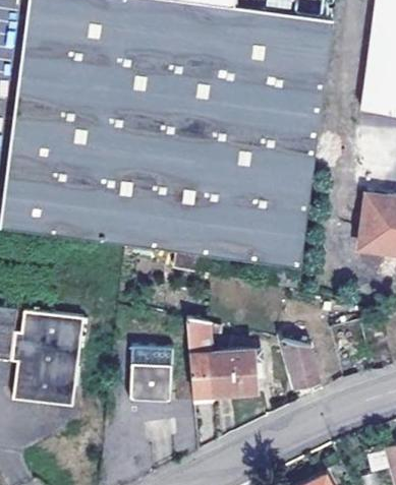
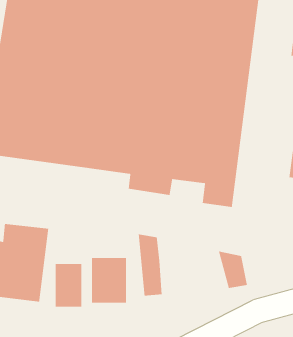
building: [211,348,253,391] -> none
building: none -> [55,263,82,307]

